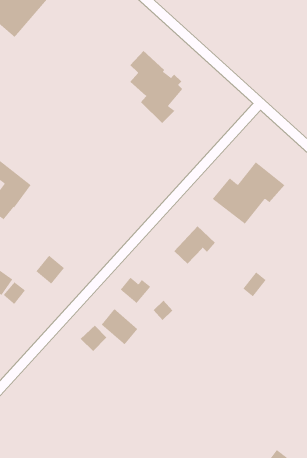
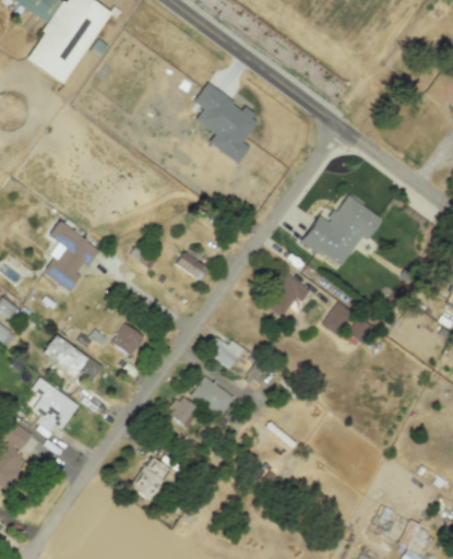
building: none -> [178,247,208,280]
building: none -> [323,302,353,335]
building: none -> [131,455,172,500]

